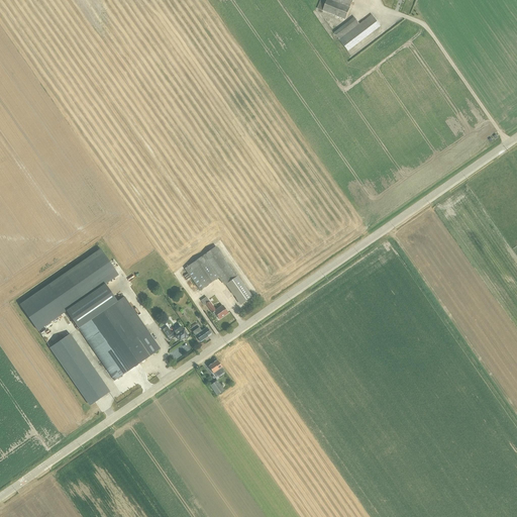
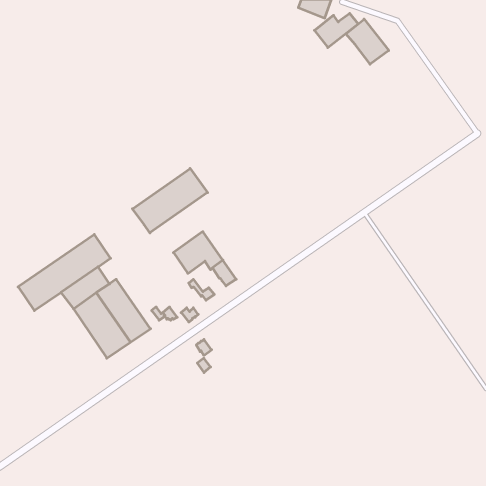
building: none -> [346,19,389,64]
building: none -> [132,168,208,233]
building: [48,333,109,405] -> none

